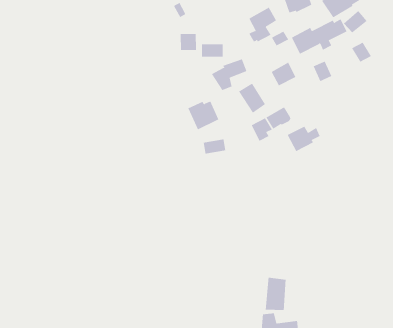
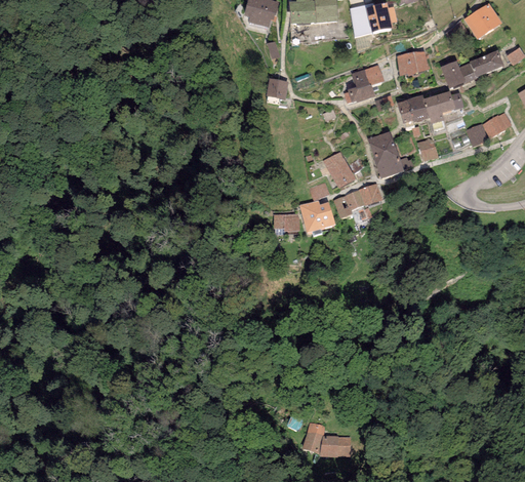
building: [343,10,367,33] -> [483,111,512,136]
building: [201,44,223,57] -> none
building: [211,58,247,91] -> none
building: [187,101,219,130] -> [299,200,334,233]
building: [287,126,321,152] -> [373,151,412,179]
building: [265,277,286,311] -> none

